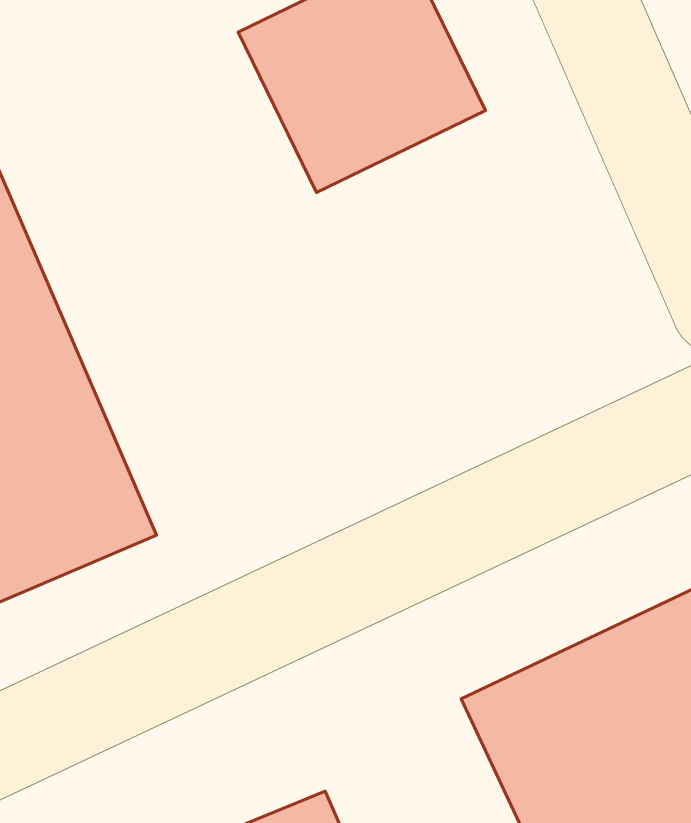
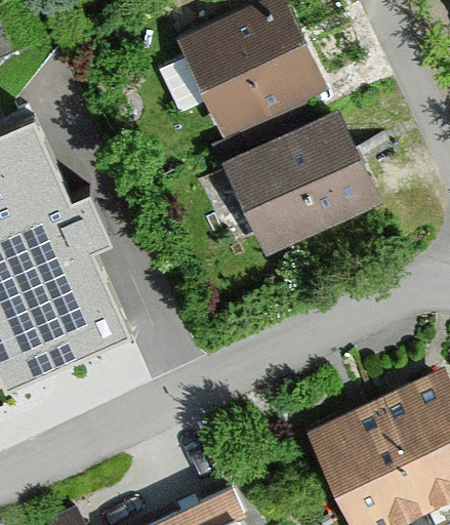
building: none -> [222,114,377,259]

